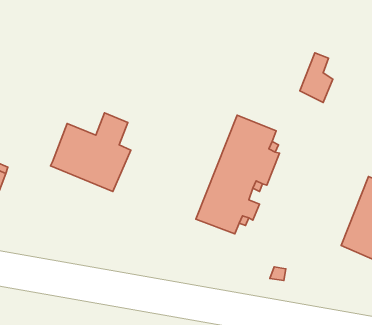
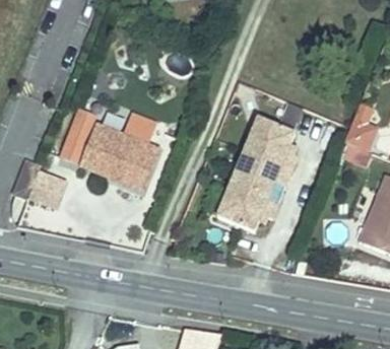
building: [300,53,333,103] -> [346,100,378,148]
building: none -> [59,107,96,160]

